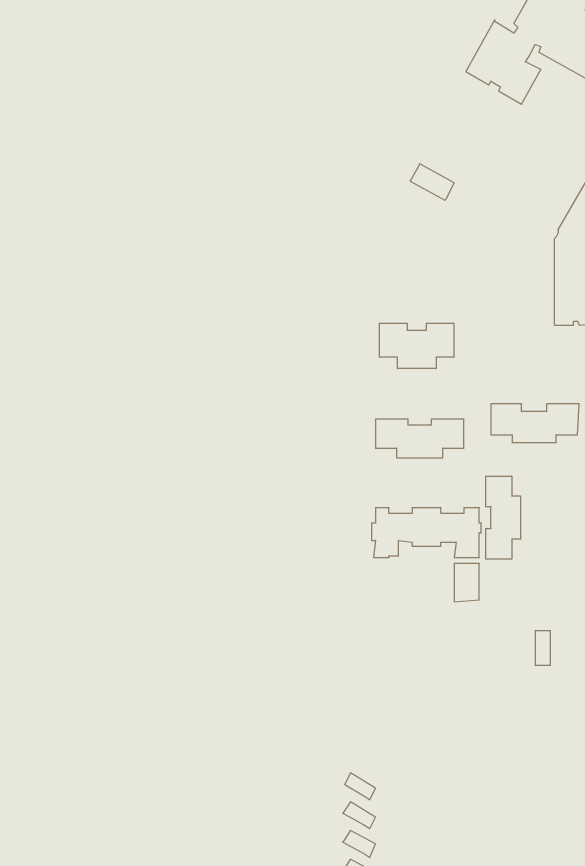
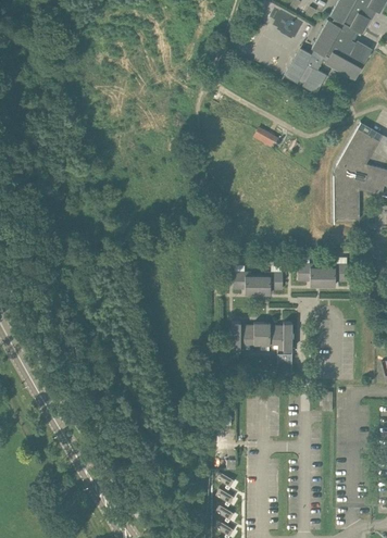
building: [380,323,454,369] -> none
building: [486,476,520,559] -> none

